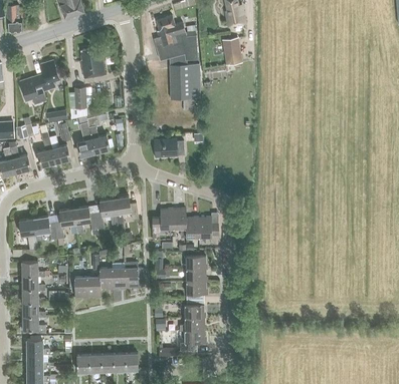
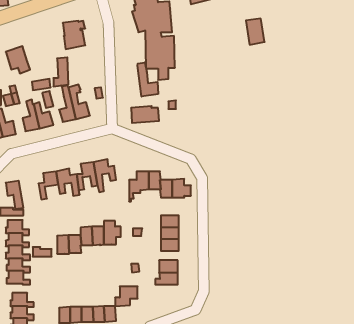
building: [222,37,242,65] -> [246,19,265,45]
building: [37,59,59,90] -> none
building: none -> [137,62,158,97]
building: [33,216,57,248] -> none
building: [180,330,204,351] -> [115,286,138,306]

